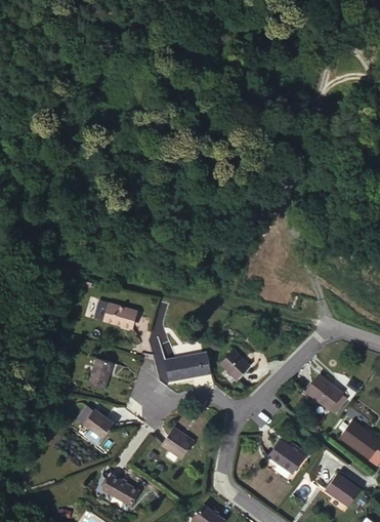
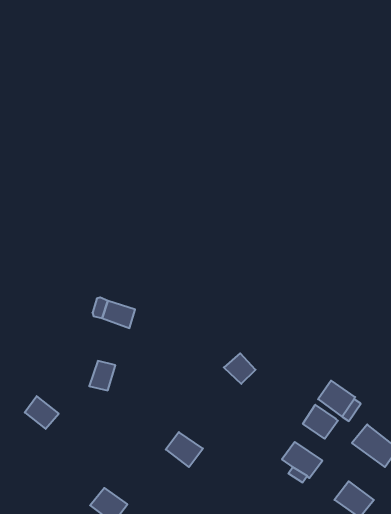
building: [168,351,210,379] -> none
building: none -> [303,405,338,439]
building: [84,408,116,439] -> [25,396,59,429]

